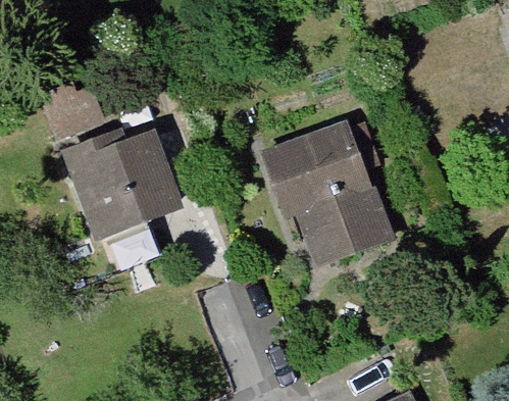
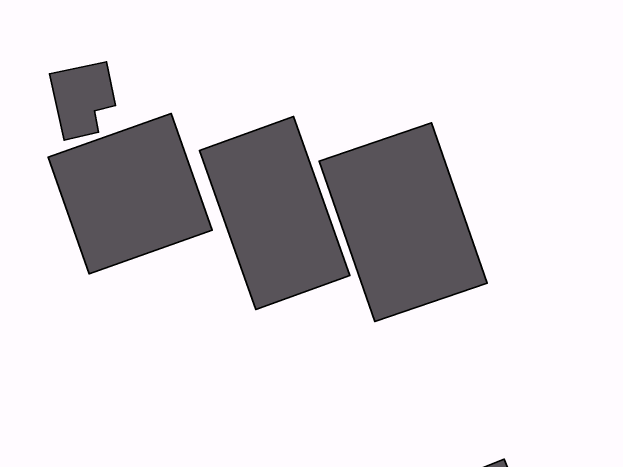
building: none -> [200,117,350,309]

